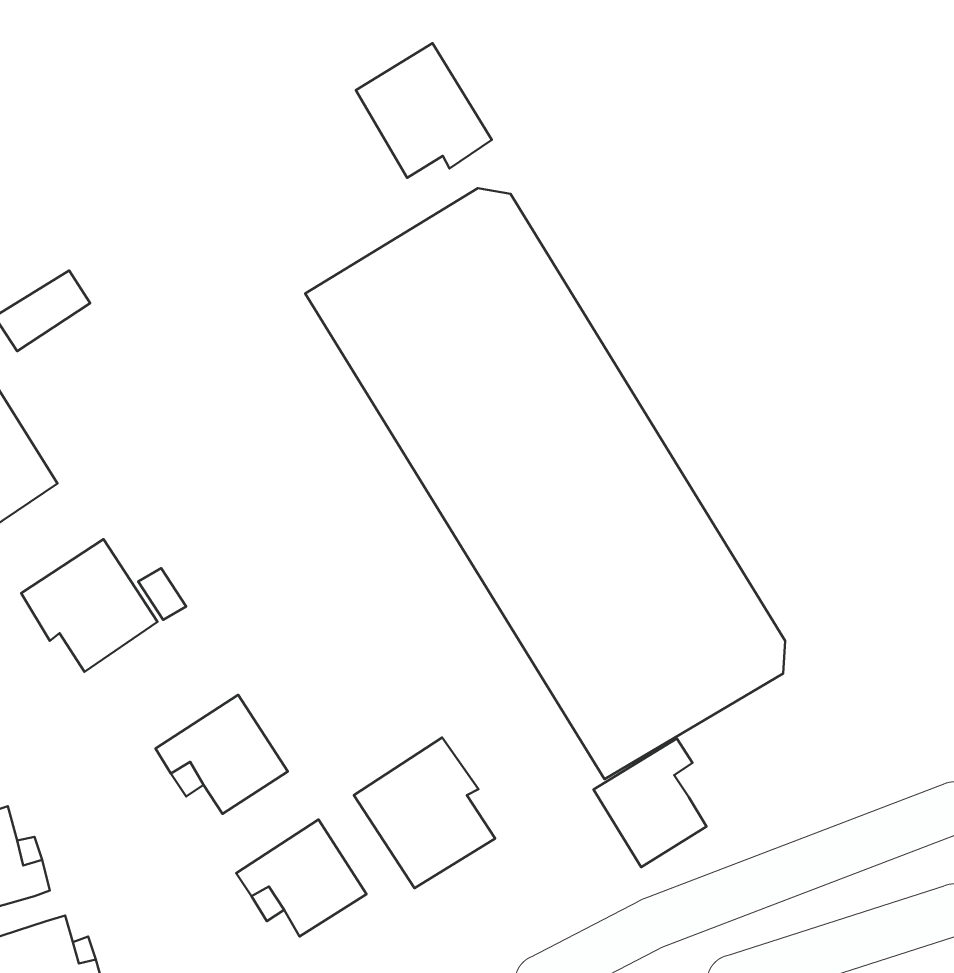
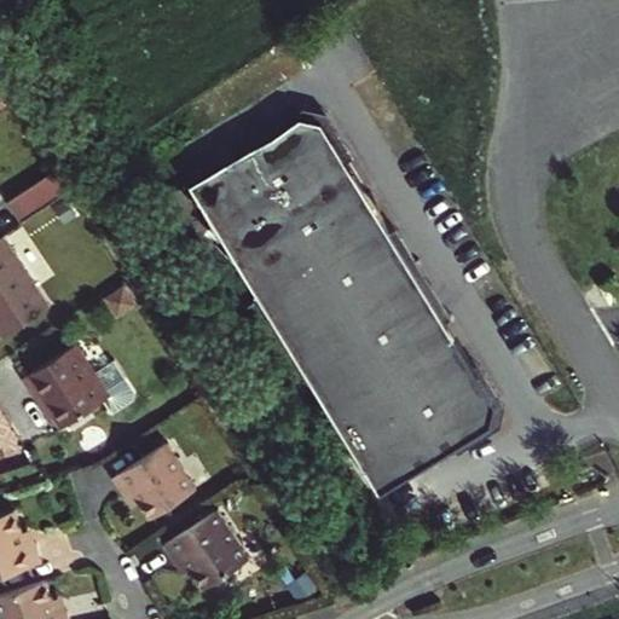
building: [356,43,492,178] -> none
building: [354,737,495,888] -> none
building: [593,738,707,867] -> none

